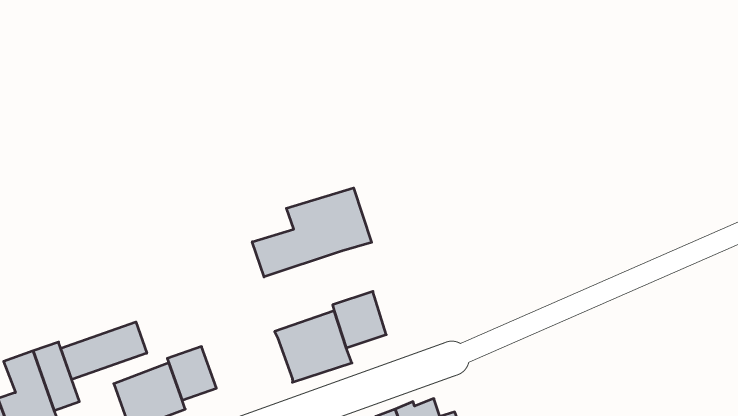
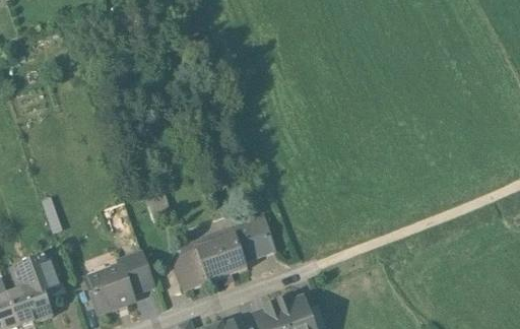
building: [252,188,372,277] -> none
building: [61,322,147,379] -> none
building: none -> [174,252,207,289]

